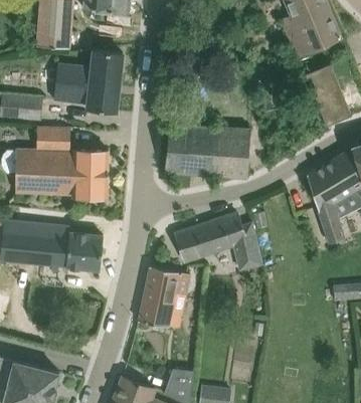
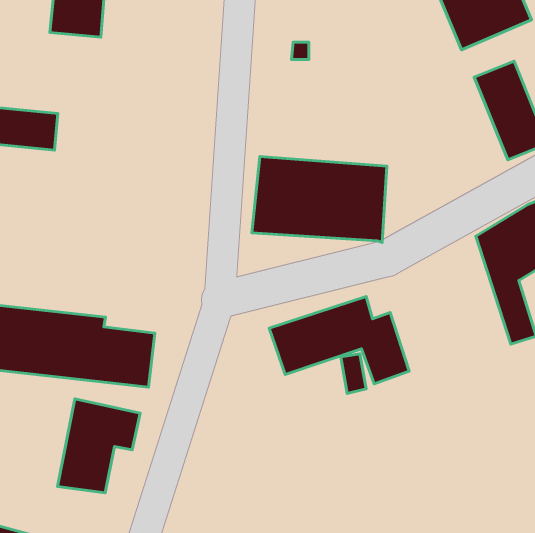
building: [52,50,122,112] -> none
building: [14,126,108,198] -> none
building: [138,266,190,326] -> [57,399,140,493]

